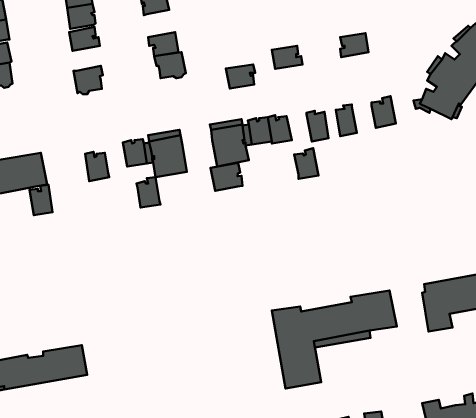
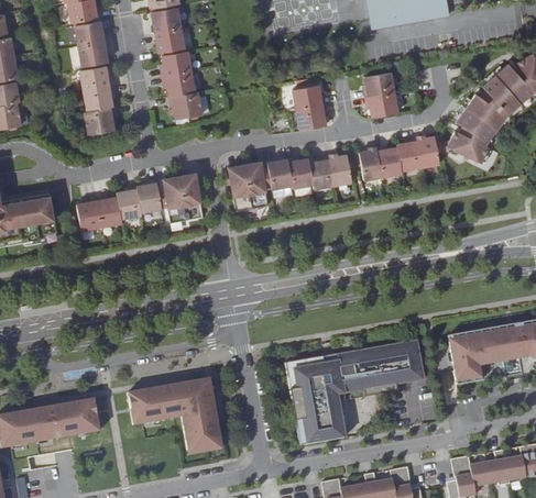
building: none -> [162,49,192,76]
building: none -> [84,85,114,111]
building: none -> [365,91,397,117]
building: [226,64,255,89] -> [296,104,327,130]
building: none -> [417,134,440,166]
building: none -> [376,146,402,176]
building: [294,148,318,179] -> [309,156,335,188]
building: [211,163,242,191] -> none
building: [136,177,161,208] -> [117,186,142,218]
building: [30,185,53,215] -> [77,198,101,230]
building: none -> [286,347,376,444]
building: none -> [128,377,220,451]

